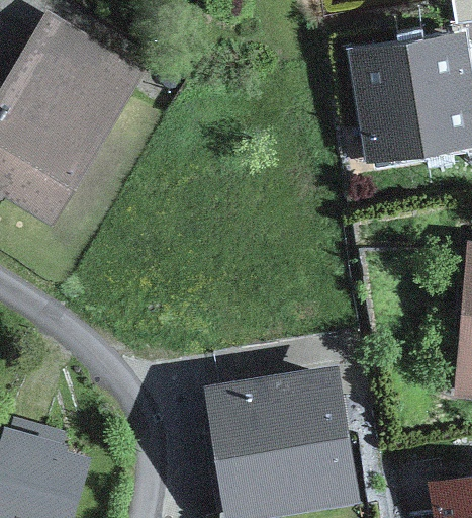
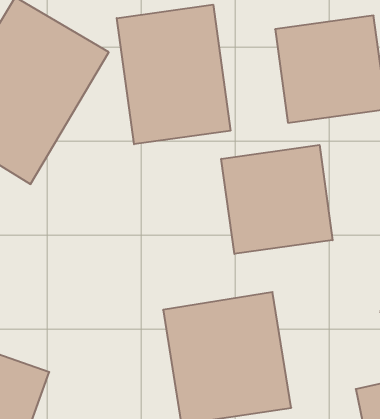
building: none -> [117,5,230,144]
building: none -> [221,145,333,254]

